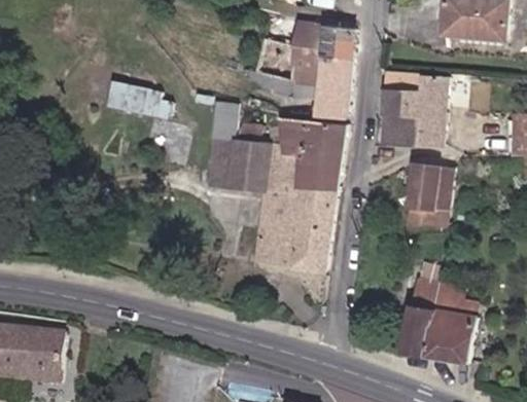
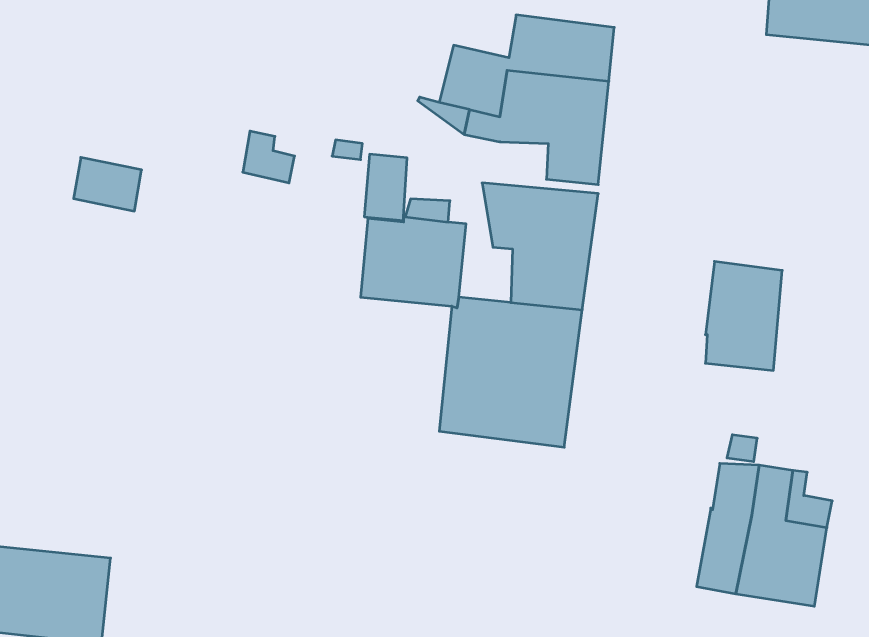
building: [381,73,448,148] -> none
building: [106,81,145,112] -> [74,157,142,211]

